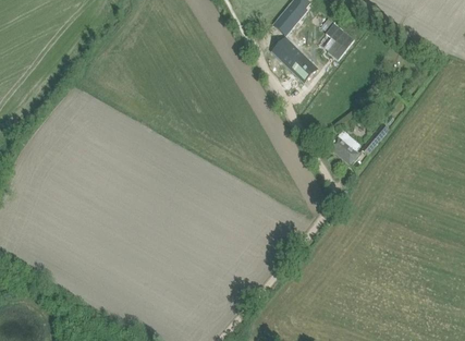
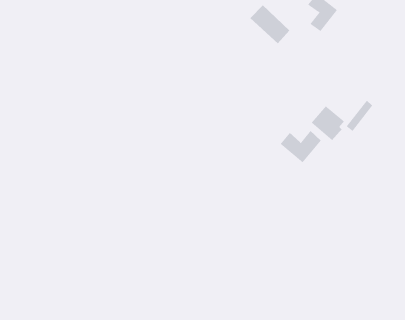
building: none -> [280,130,321,163]

